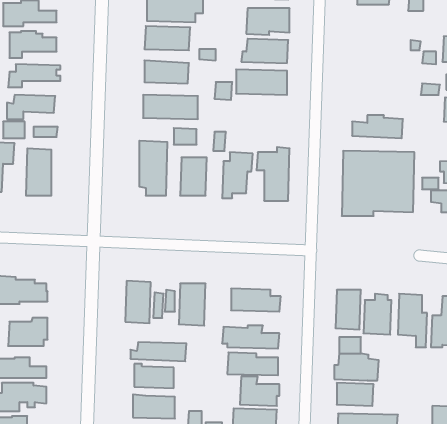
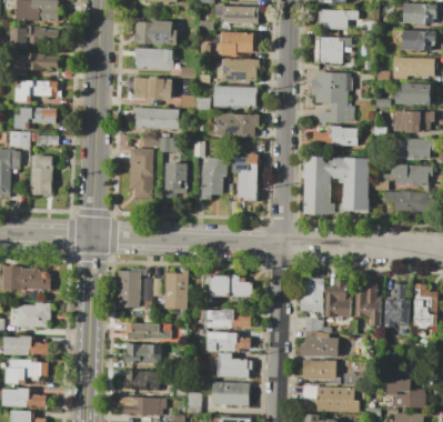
building: none -> [314,37,346,63]
building: none -> [311,72,353,121]
building: none -> [218,114,260,137]

